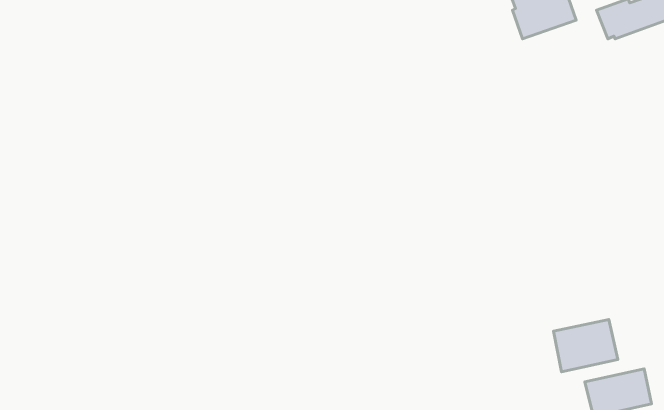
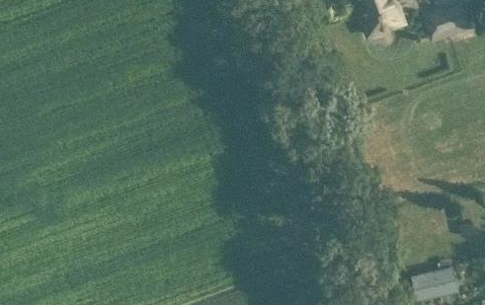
building: [553,319,618,372] -> none

